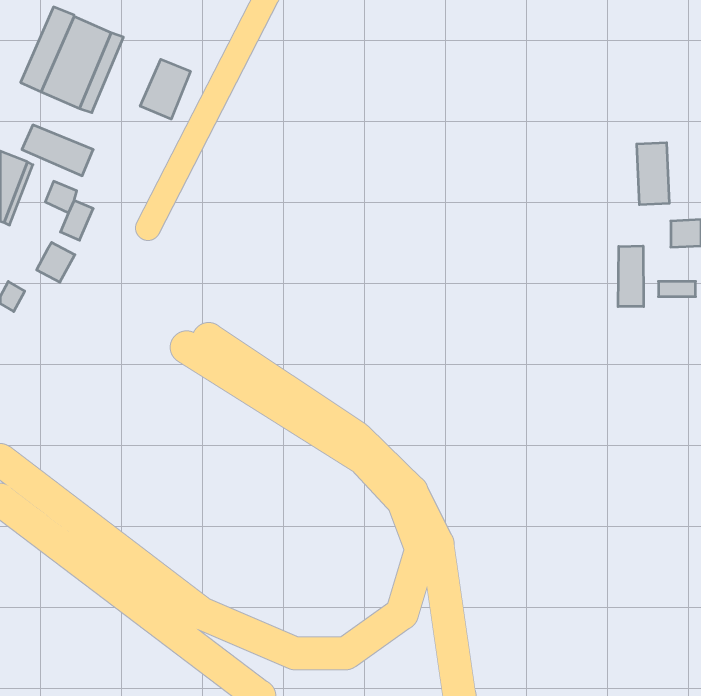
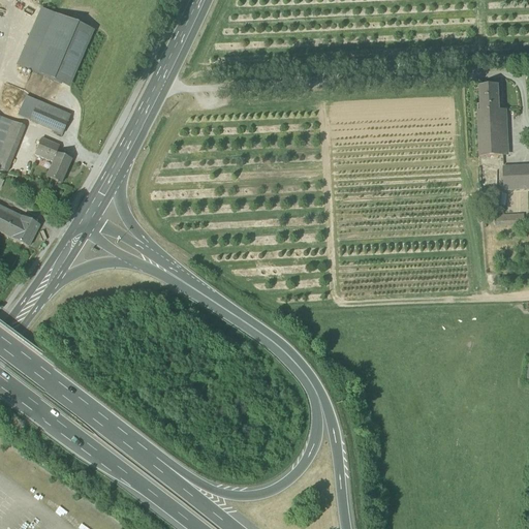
building: [140,59,190,119] -> none
building: none -> [479,84,502,108]
building: [37,242,75,282] -> [10,214,39,244]
building: [618,246,644,307] -> none

